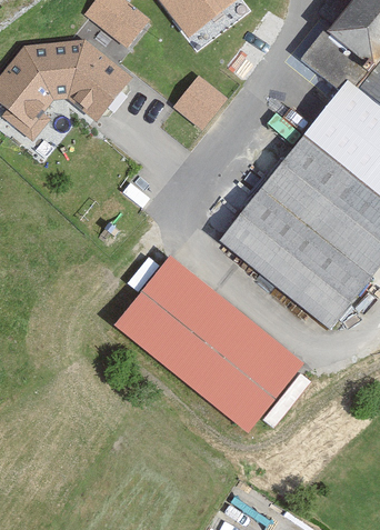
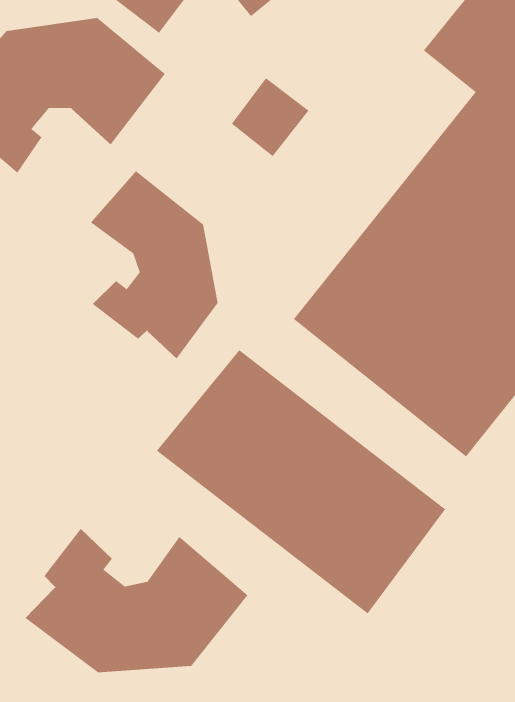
building: none -> [90,170,219,360]
building: none -> [24,528,248,673]

